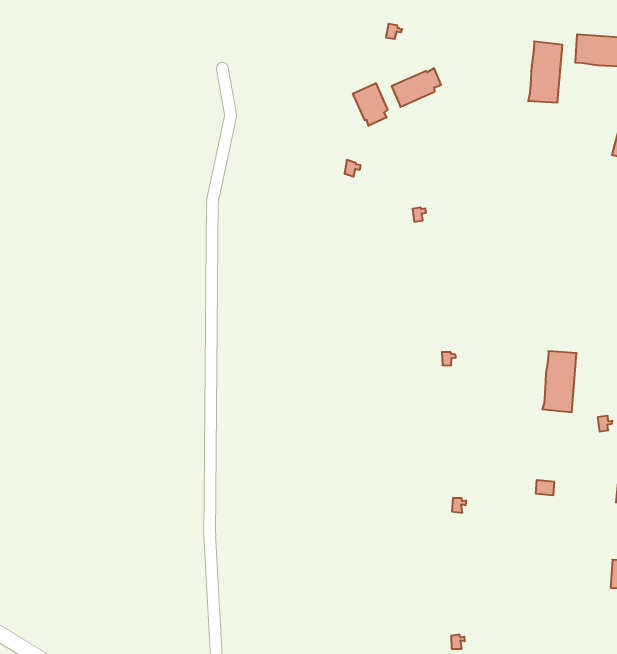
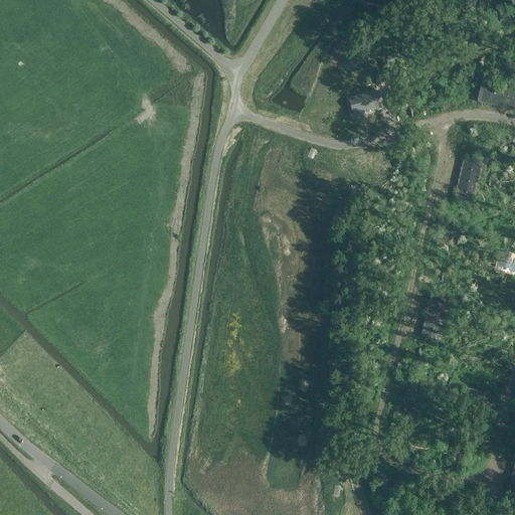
building: [528,42,562,102] -> [455,159,484,203]
building: [353,83,388,126] -> none

